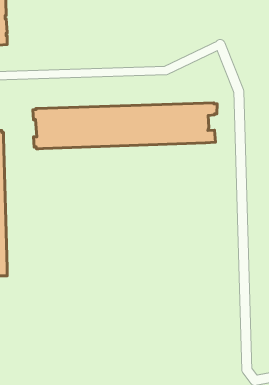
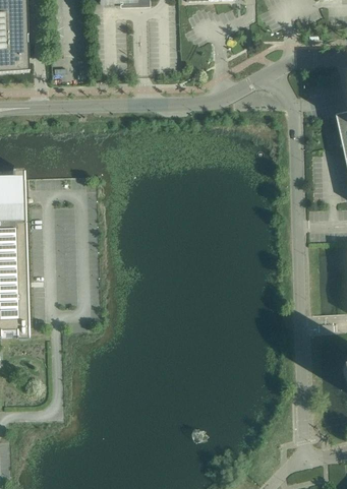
building: [33,103,217,149] -> none

